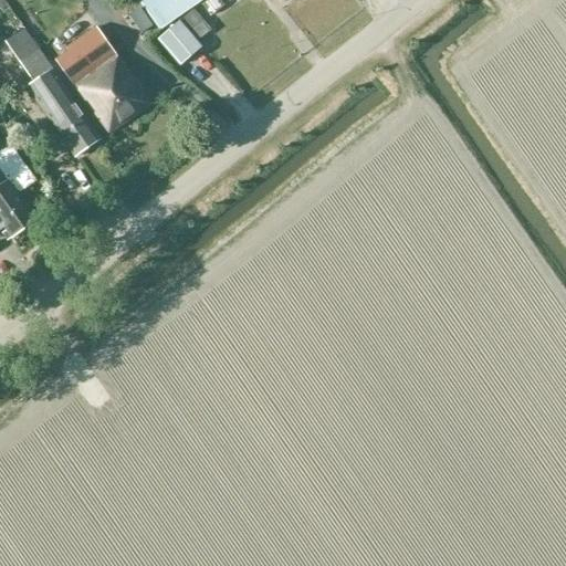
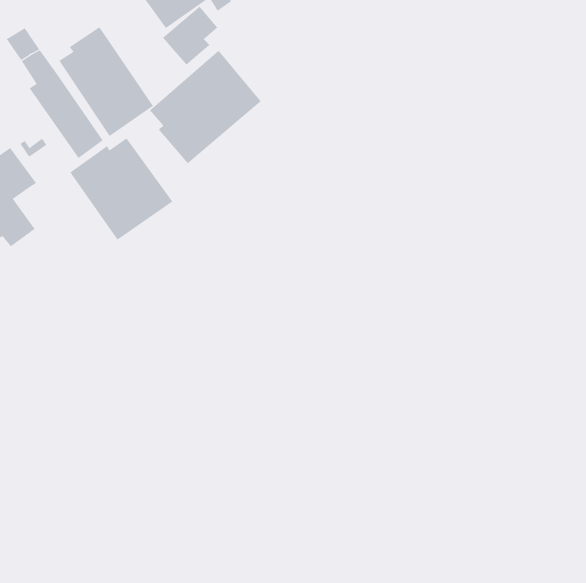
building: none -> [149,50,262,164]
building: none -> [69,137,173,240]

